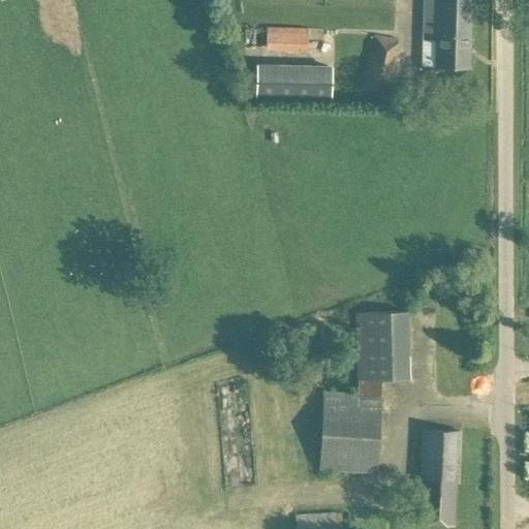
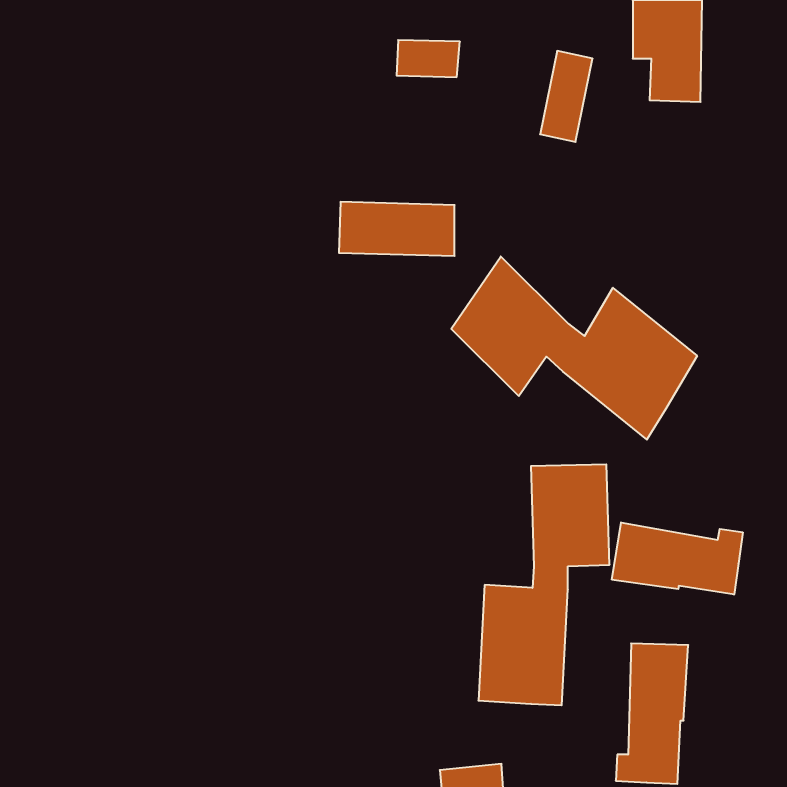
building: [264,62,342,98] -> [339,202,455,256]
building: none -> [451,256,697,440]
building: none -> [612,522,743,595]

